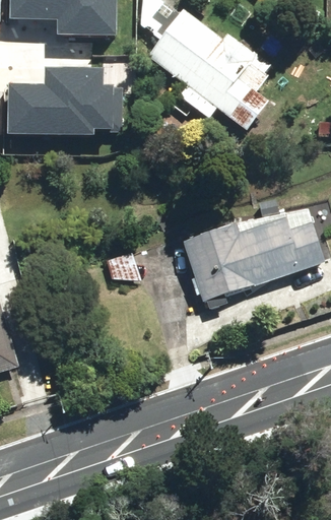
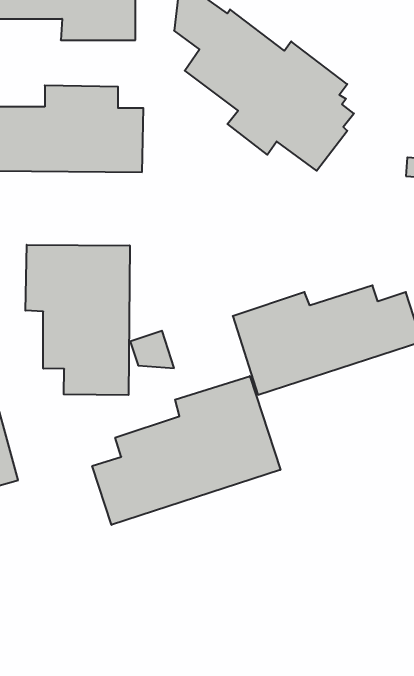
building: none -> [25,245,130,395]
building: none -> [92,376,280,525]

